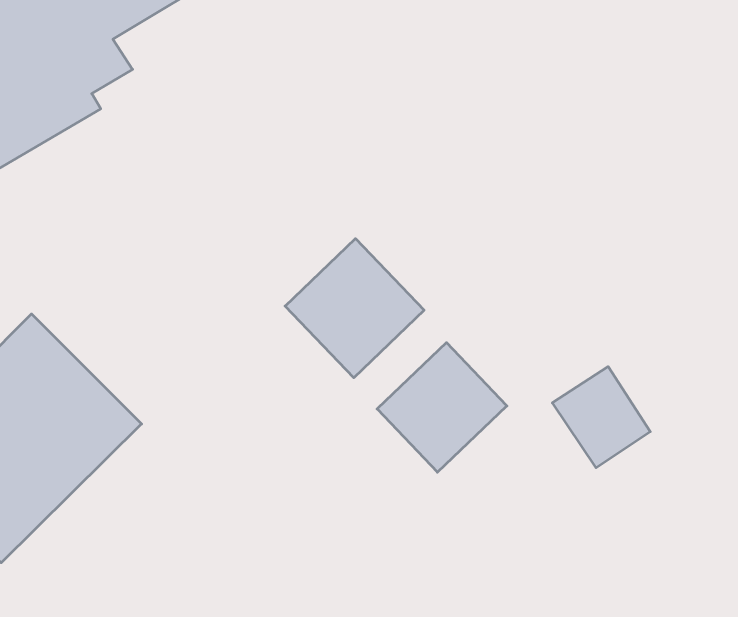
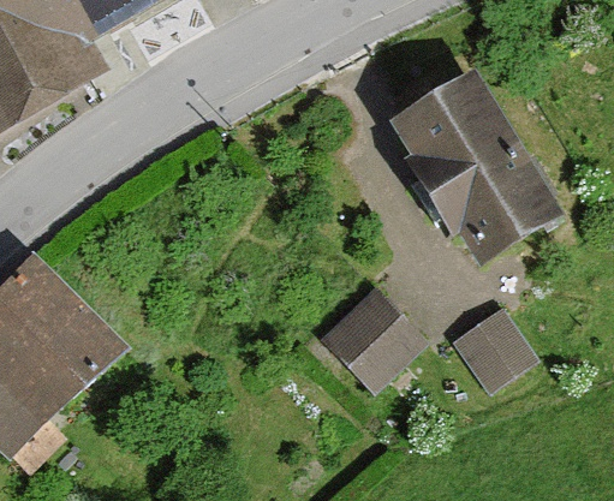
building: none -> [395,70,565,261]
building: [285,239,424,378] -> none

